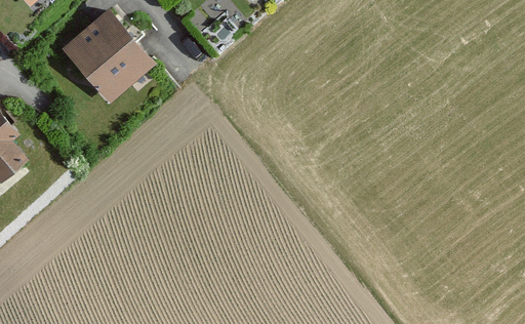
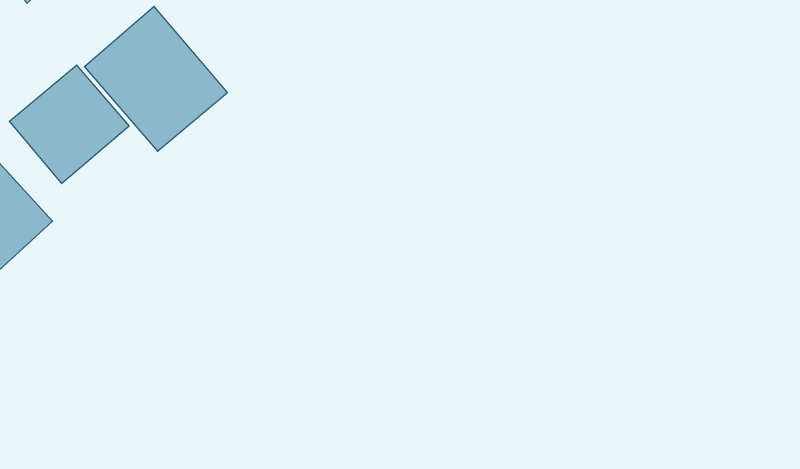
building: none -> [9,65,129,184]

